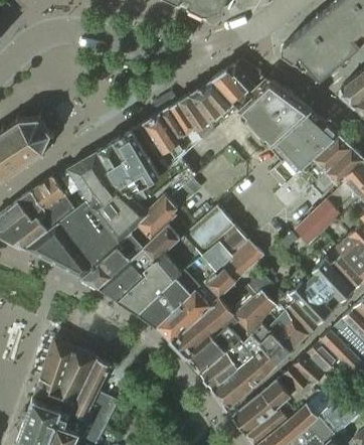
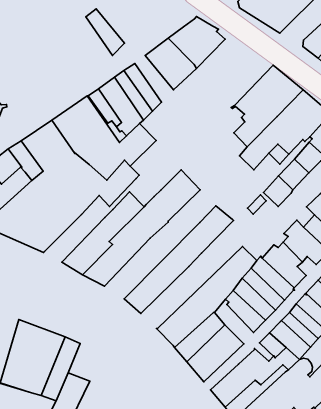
building: [237,81,311,147] -> none
building: [179,95,214,140] -> [86,9,124,55]
building: [81,211,190,287] -> none
building: [138,226,248,325] -> none
building: [171,273,271,355] -> none
building: [241,331,278,375] -> none

